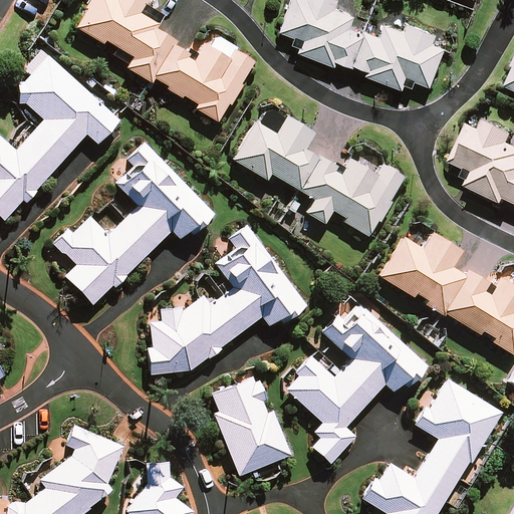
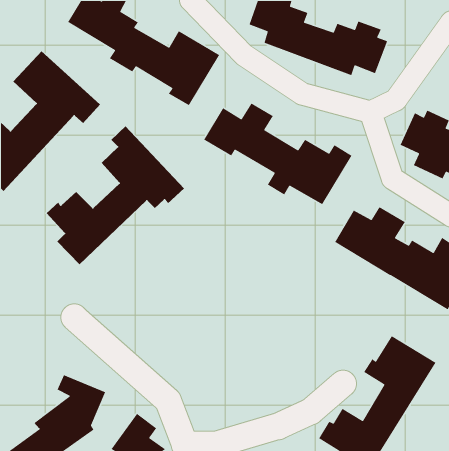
building: [150,227,305,373] -> none
building: [288,299,426,461] -> none
building: [214,375,288,473] -> none

